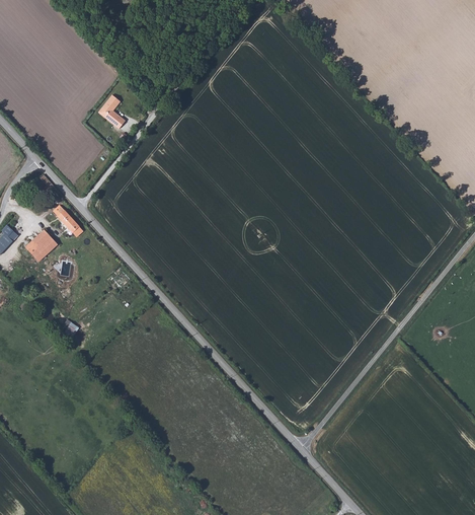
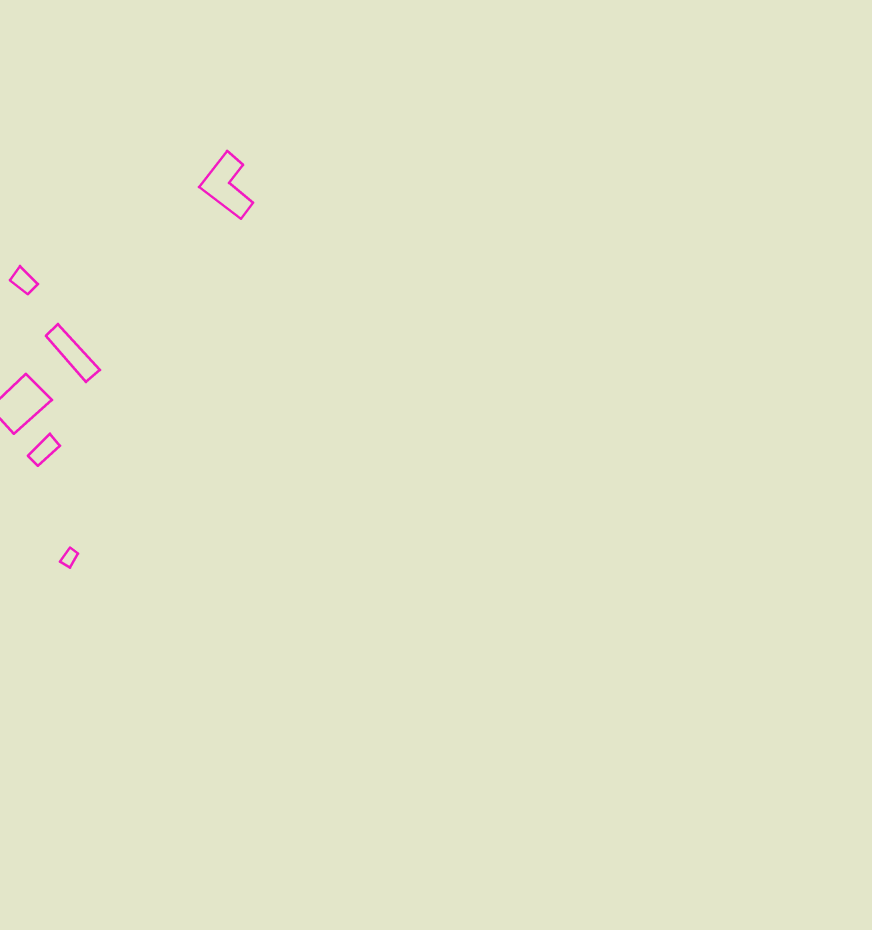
building: [97,95,125,130] -> [199,151,253,219]

